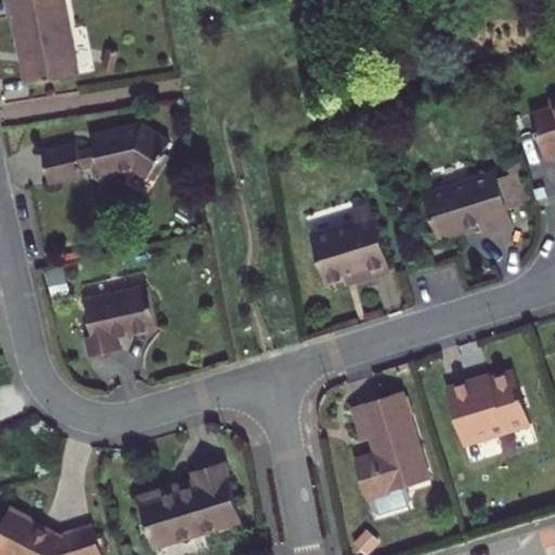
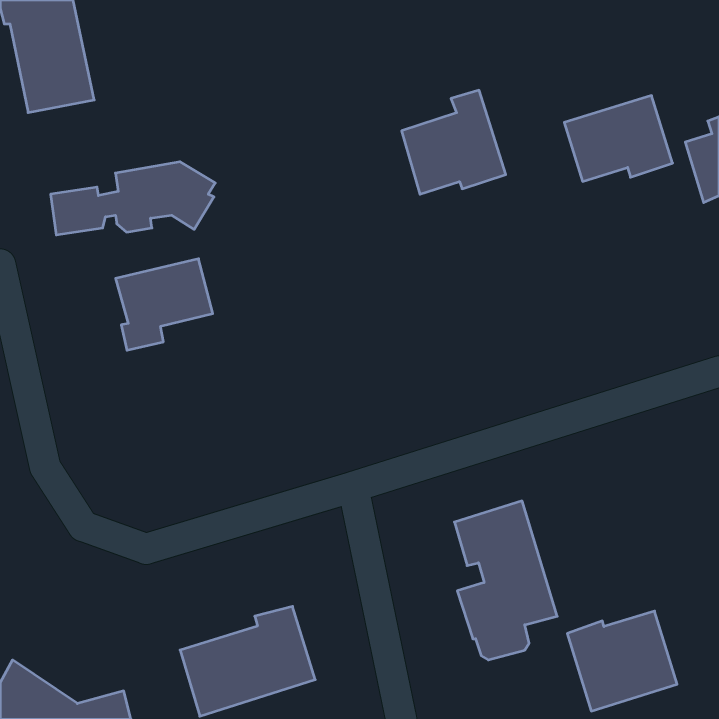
building: [424,170,507,236] -> [564,96,673,181]
building: [312,199,392,280] -> [402,90,506,194]
building: [86,288,160,359] -> [116,259,213,350]
building: [446,365,530,442] -> [567,611,677,711]

